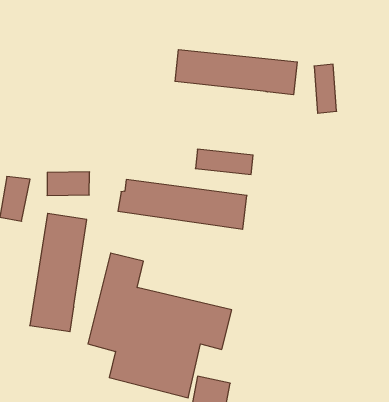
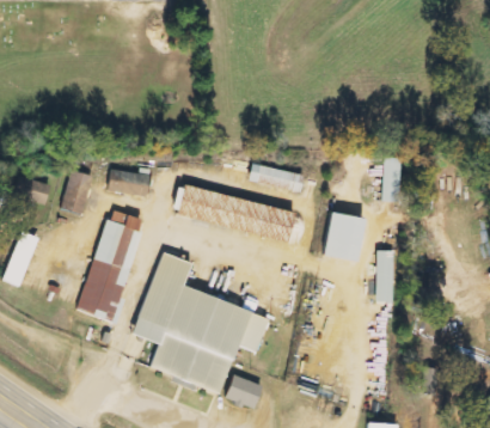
building: [175,50,297,95] -> none
building: [314,64,337,113] -> [381,157,400,201]
building: none -> [321,212,362,259]
building: none -> [375,249,394,301]

